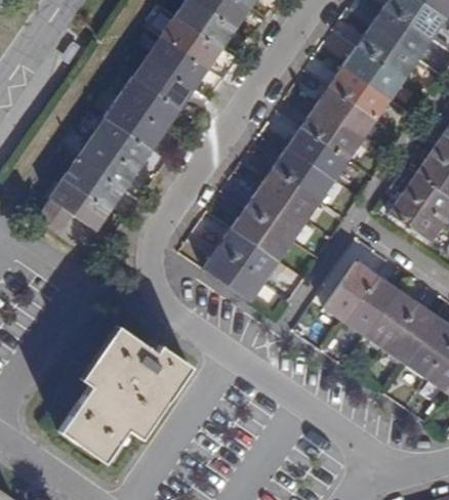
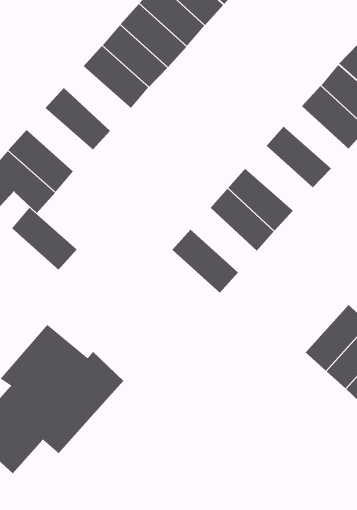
building: [105,96,166,150] -> none
building: [301,107,361,158] -> none
building: [77,137,137,190] -> [11,207,78,270]
building: [273,145,334,199] -> none
building: [232,206,292,259] -> none
building: [203,247,264,300] -> none
building: [324,260,378,322] -> none

